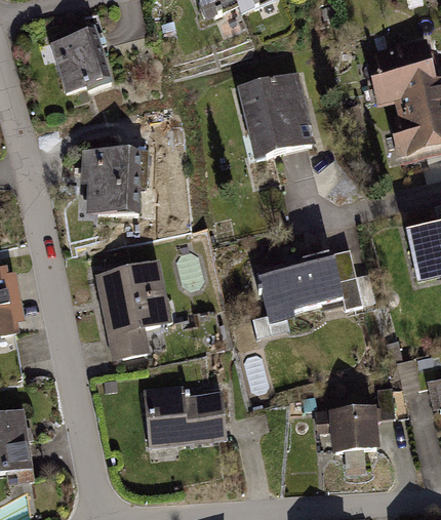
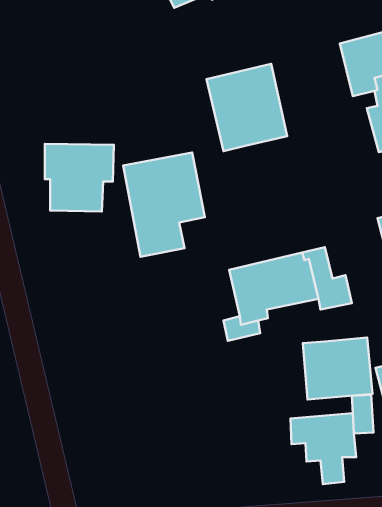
building: [50,25,114,90] -> none
building: [94,261,172,360] -> [123,152,205,257]
building: none -> [303,338,373,400]
building: [142,384,227,448] -> none

